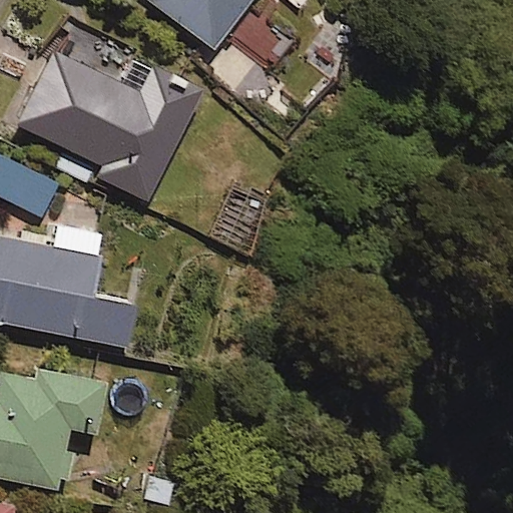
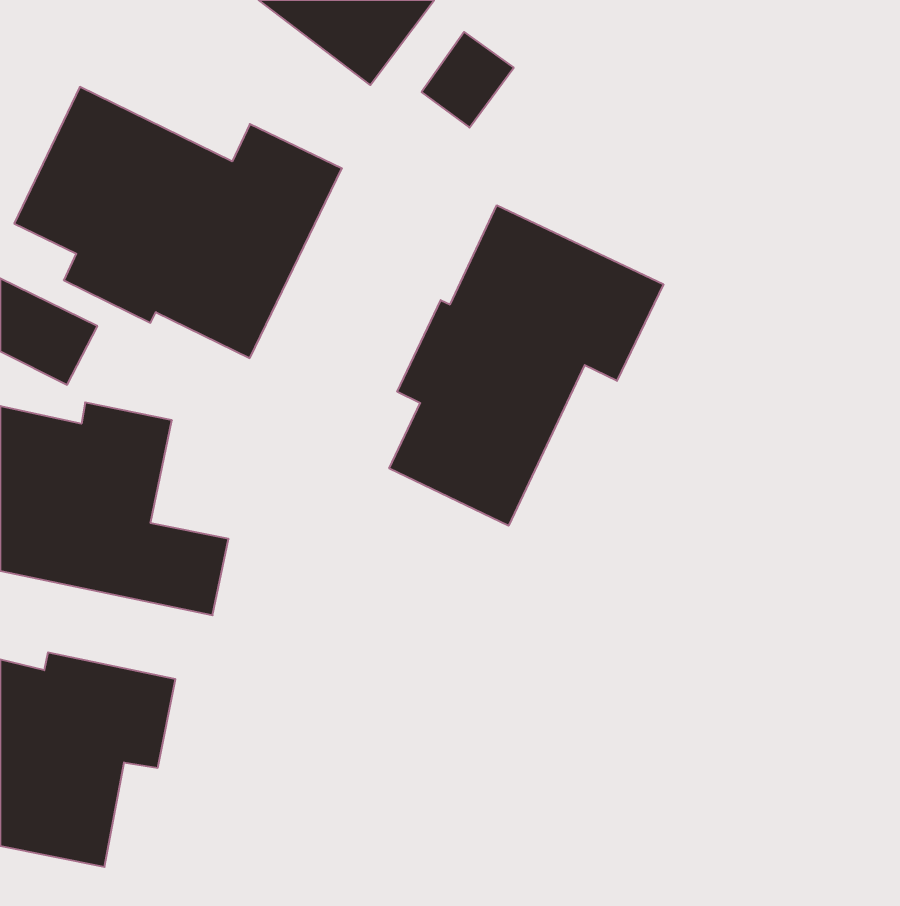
building: none -> [389,205,663,526]

